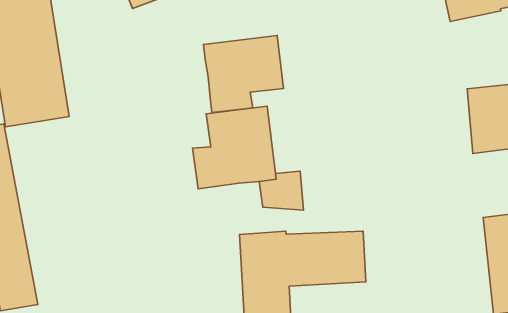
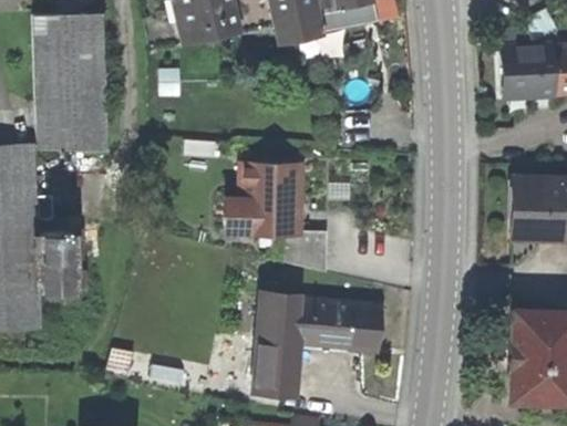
building: [204,36,284,112] -> none

